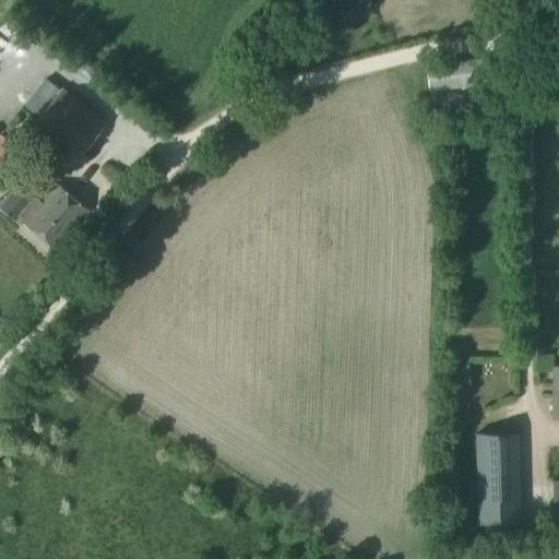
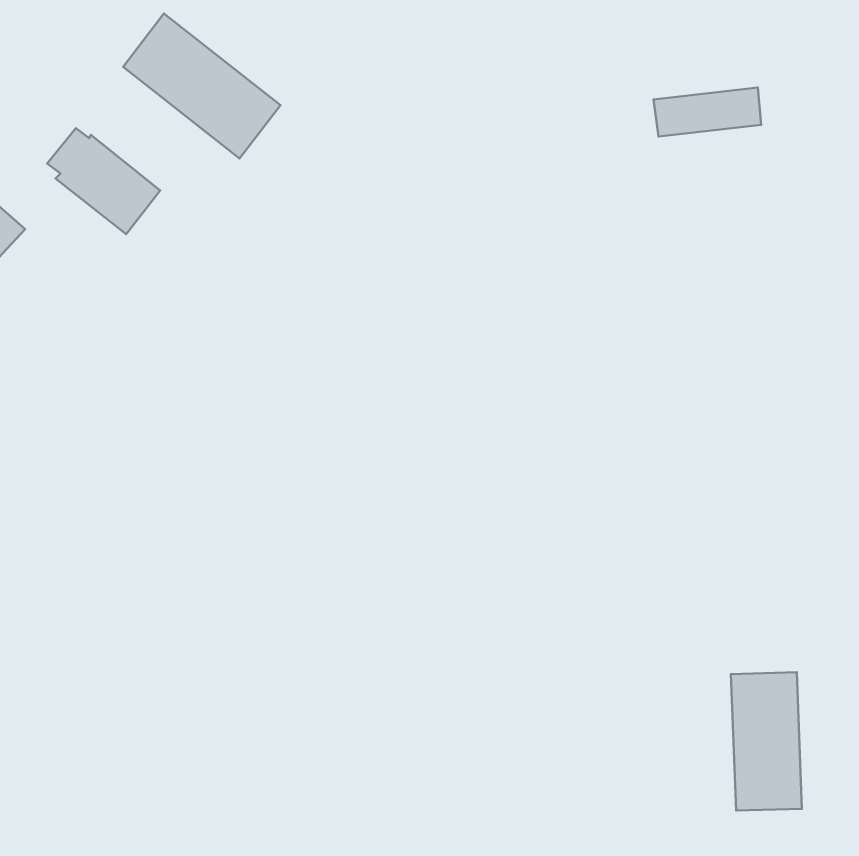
building: none -> [123,14,280,159]
building: [7,182,86,246] -> none

